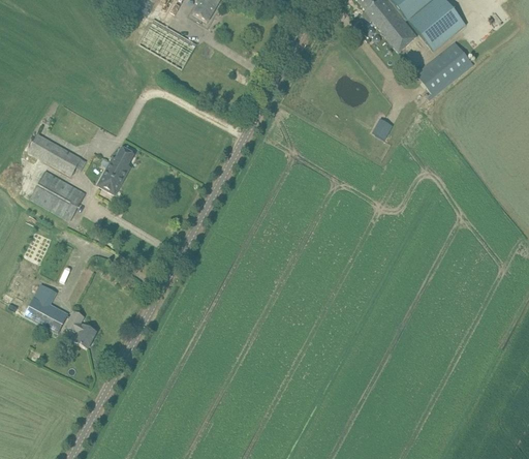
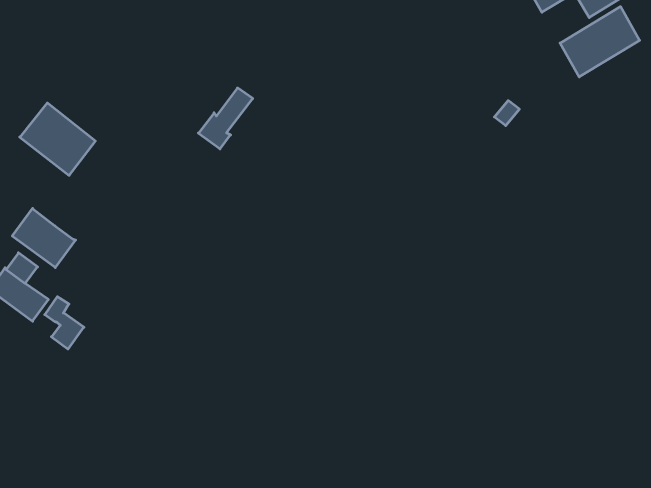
building: [28,131,86,174] -> none
building: [97,146,133,192] -> [198,88,253,149]
building: none -> [12,208,76,268]

